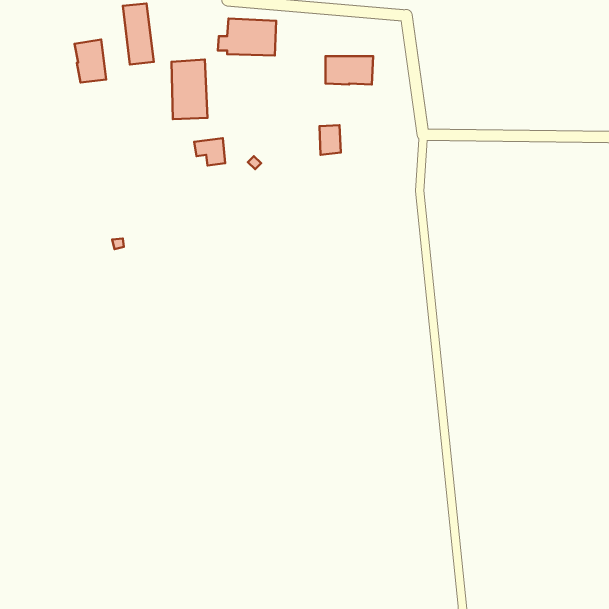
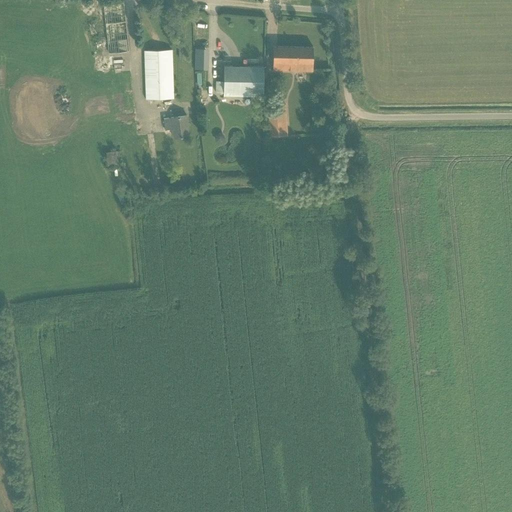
building: [218,18,276,55] -> [215,66,264,97]
building: [75,39,106,83] -> none

